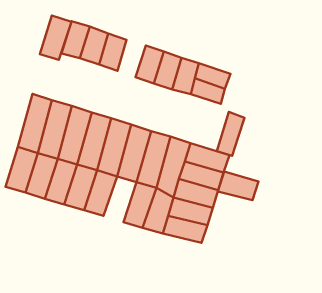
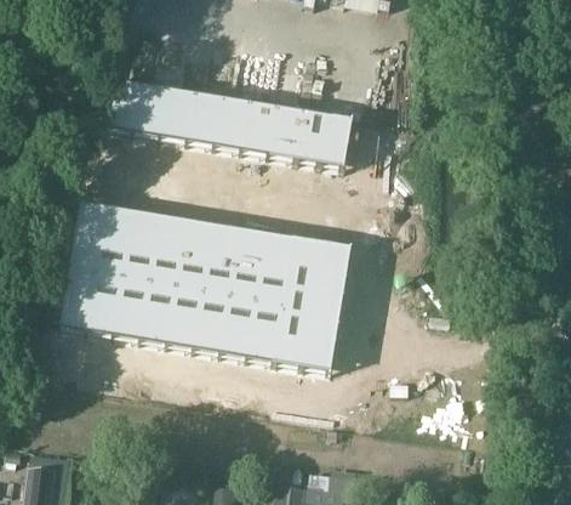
building: [40,16,71,60] -> none
building: none -> [183,97,217,147]
building: [217,112,245,156] -> none
building: [218,172,258,200] -> none
building: none -> [194,289,233,351]

